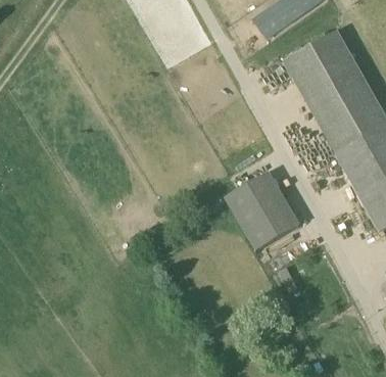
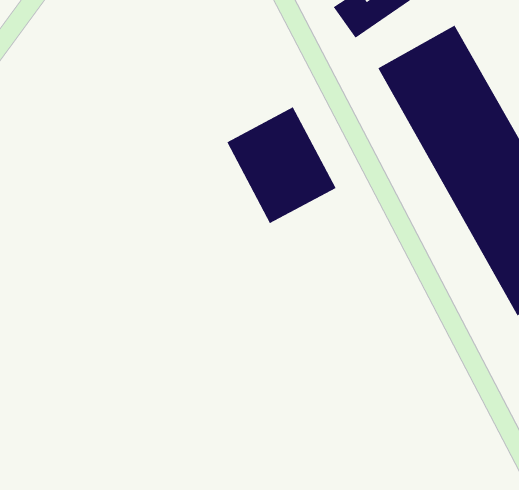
building: [222,169,297,249] -> [226,106,336,224]

